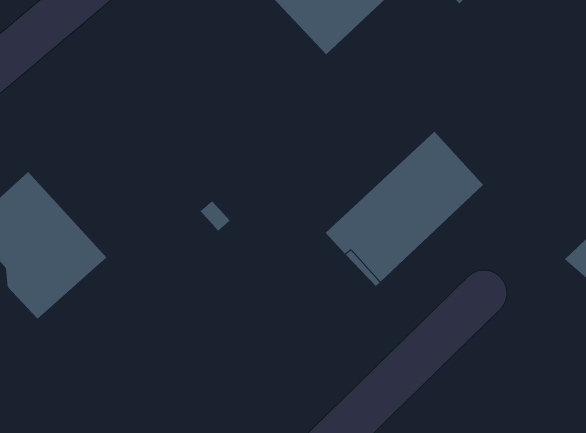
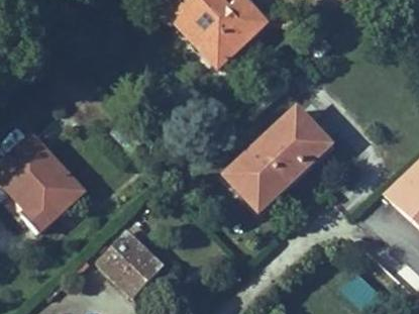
building: none -> [96,231,163,296]

